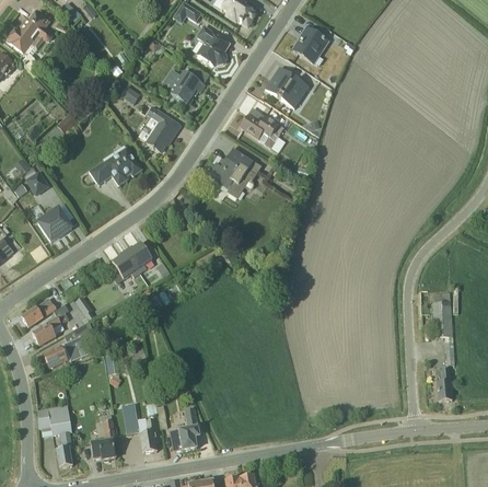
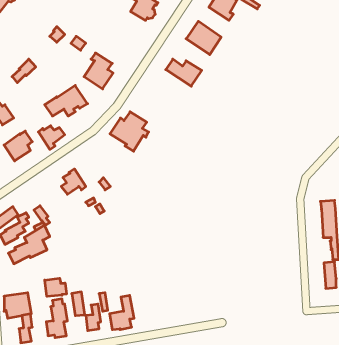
building: [161,69,206,103] -> none
building: [208,148,256,197] -> [110,112,149,151]
building: [126,242,159,271] -> [38,126,65,149]
building: none -> [45,278,66,296]

